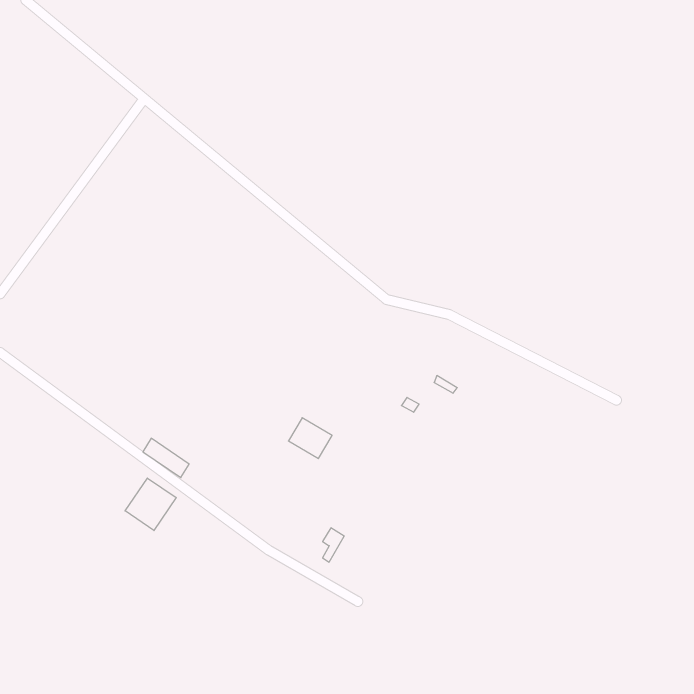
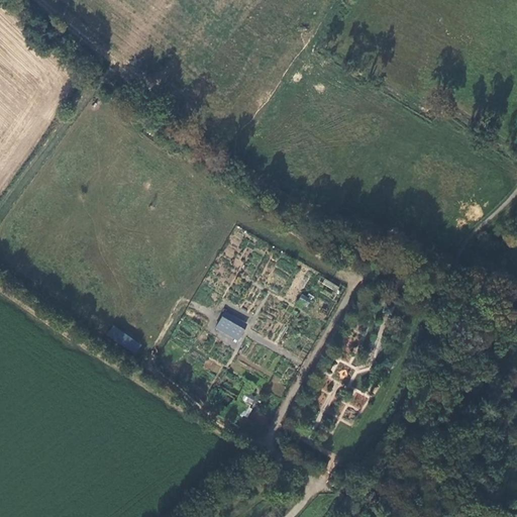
building: [125,478,176,531] -> none

